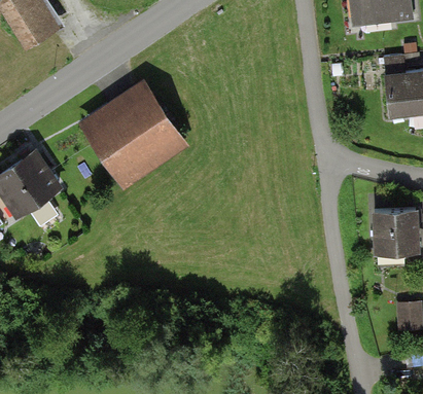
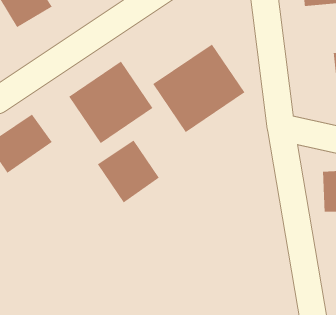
building: none -> [152,43,245,133]
building: none -> [97,140,160,203]

